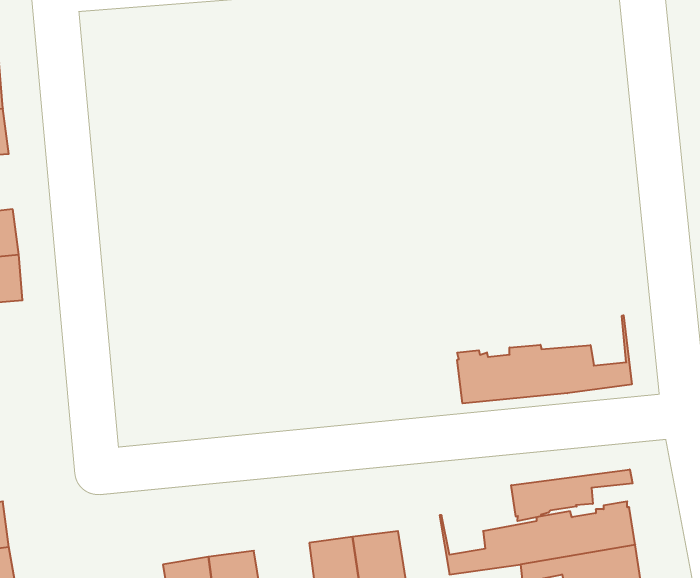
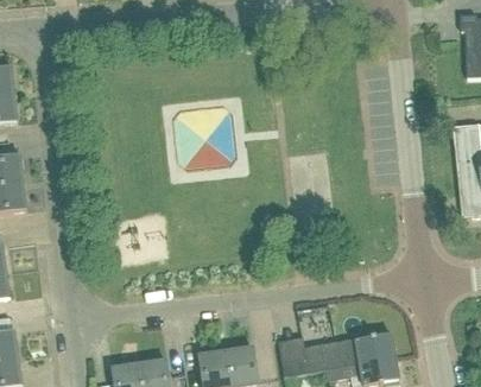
building: [457,315,632,403] -> none
building: [511,469,633,521] -> none

